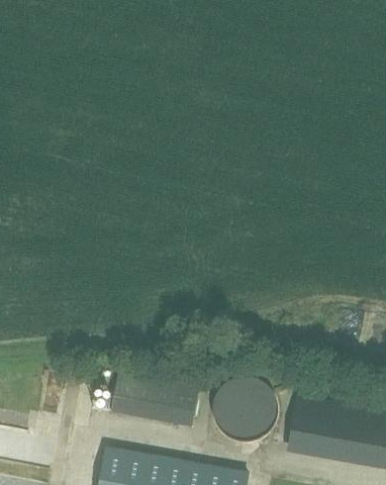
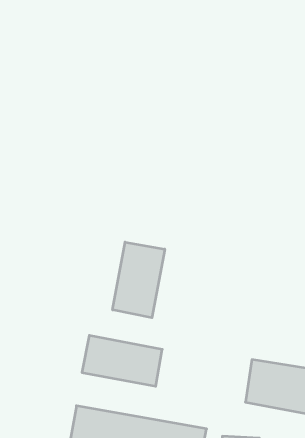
building: none -> [113,242,165,318]
building: [212,378,278,443] -> none

